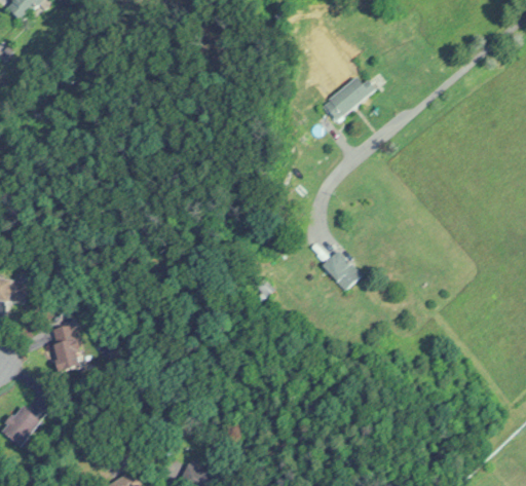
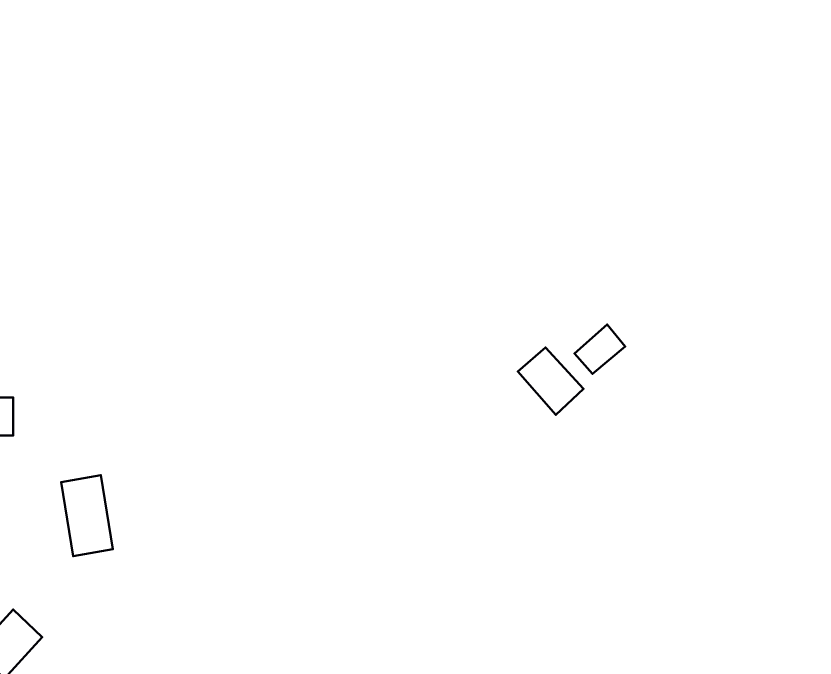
building: [320,74,372,121] -> none
building: none -> [574,325,625,374]

